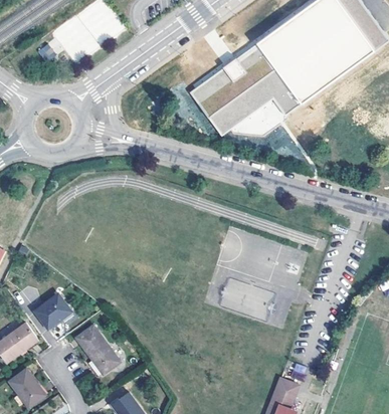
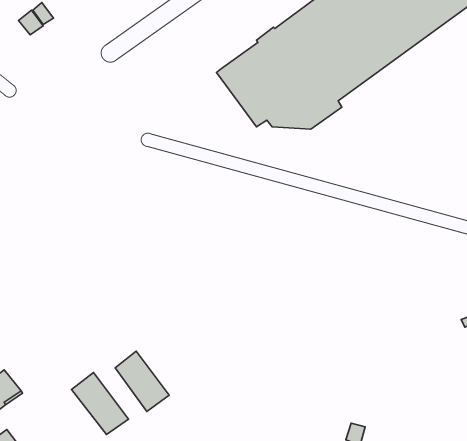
building: [35,292,71,328] -> none
building: none -> [115,351,169,411]

